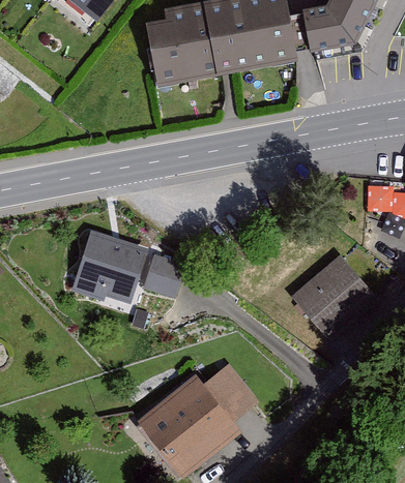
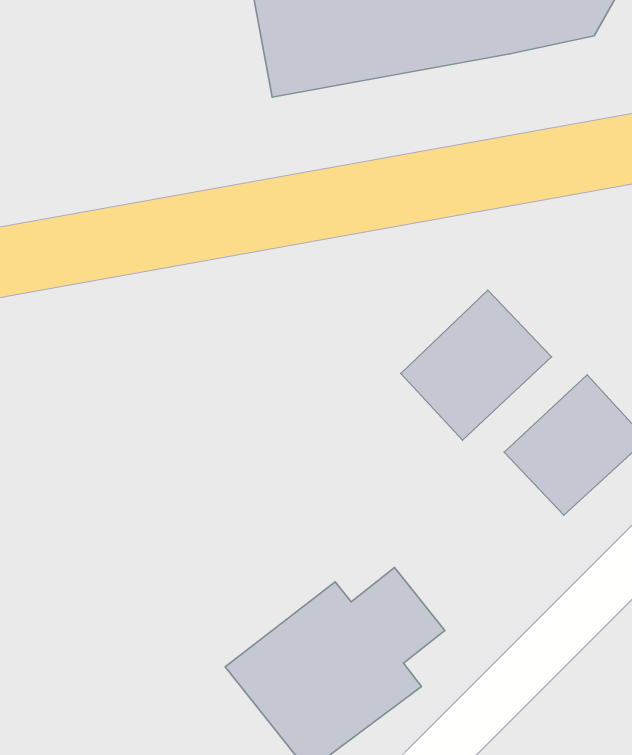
building: none -> [401,290,551,440]
building: [75,229,189,301] -> none

